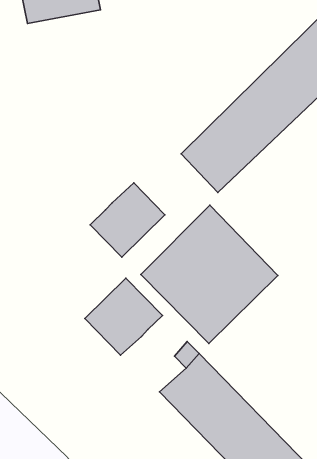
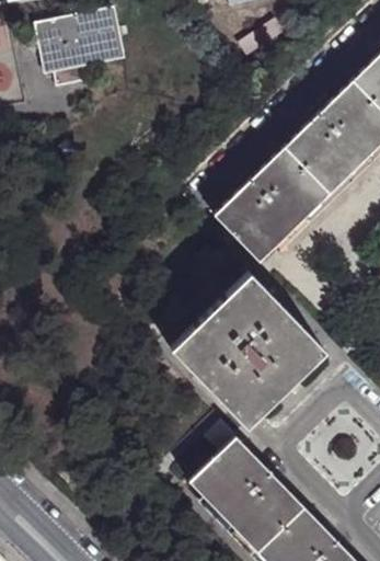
building: [90,183,165,257] -> none
building: [85,278,162,355] -> none

